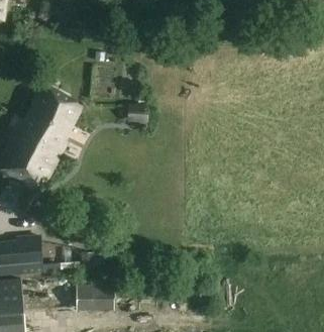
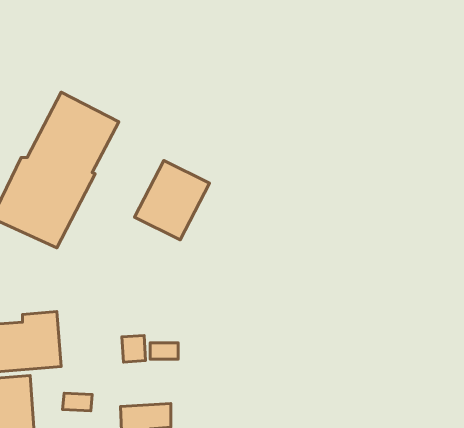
building: none -> [135,160,209,240]

